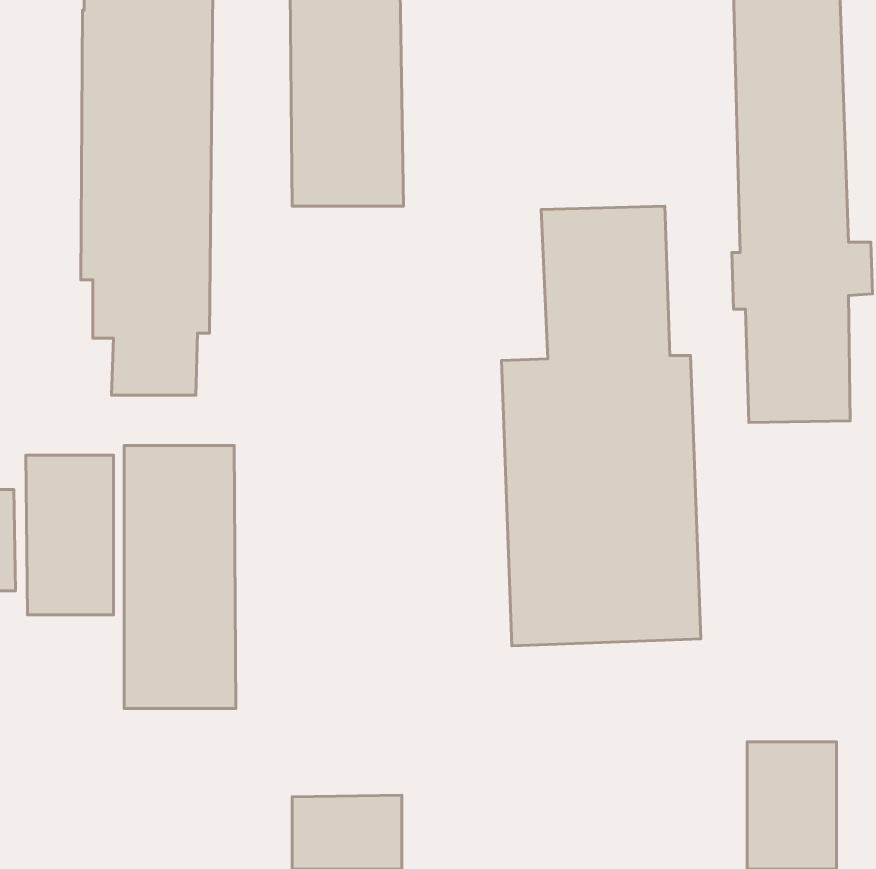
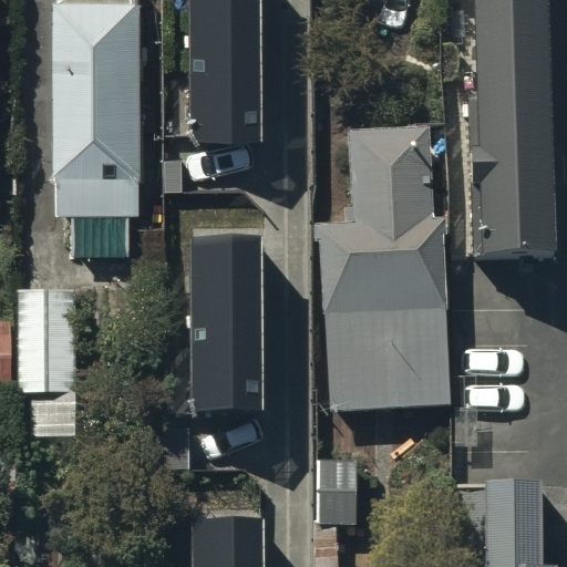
building: [124,446,236,708] -> [194,231,266,401]

